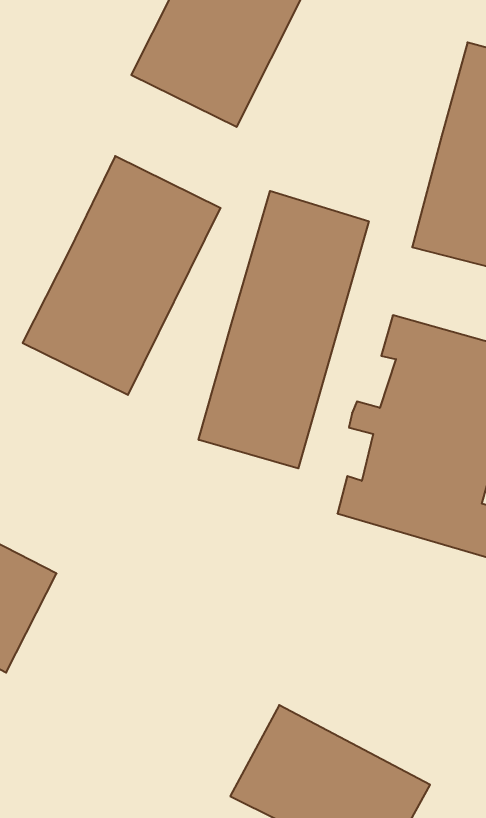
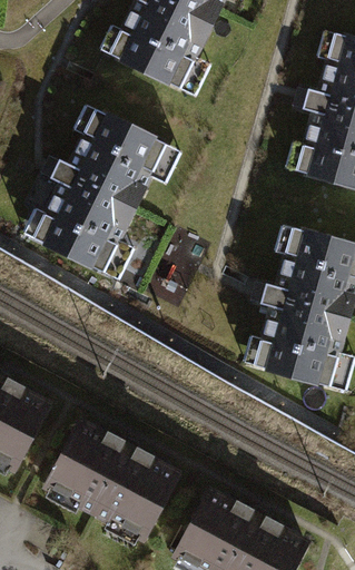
building: [199,191,369,468] -> none
building: none -> [48,422,180,535]

